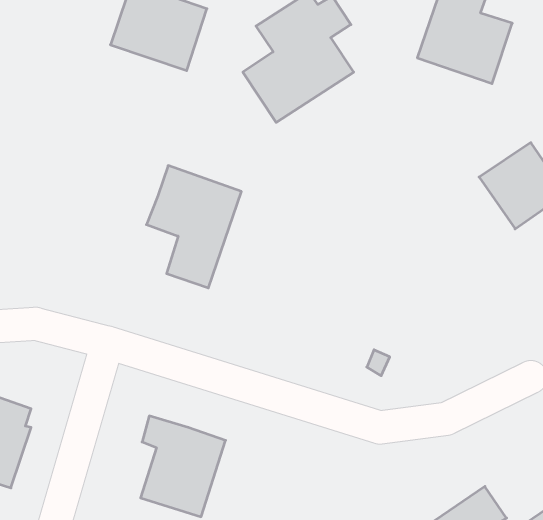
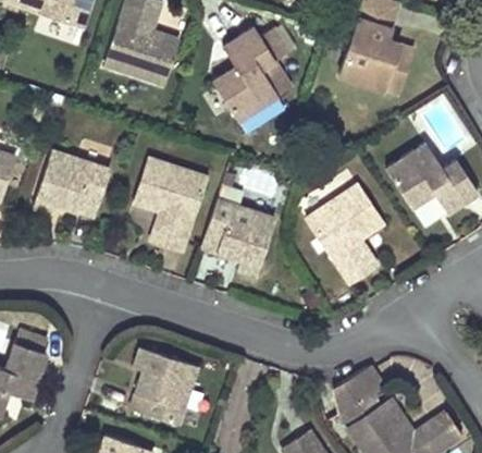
building: none -> [32,147,111,215]
building: none -> [306,183,382,282]
building: none -> [200,199,274,276]
building: none -> [333,364,382,412]

